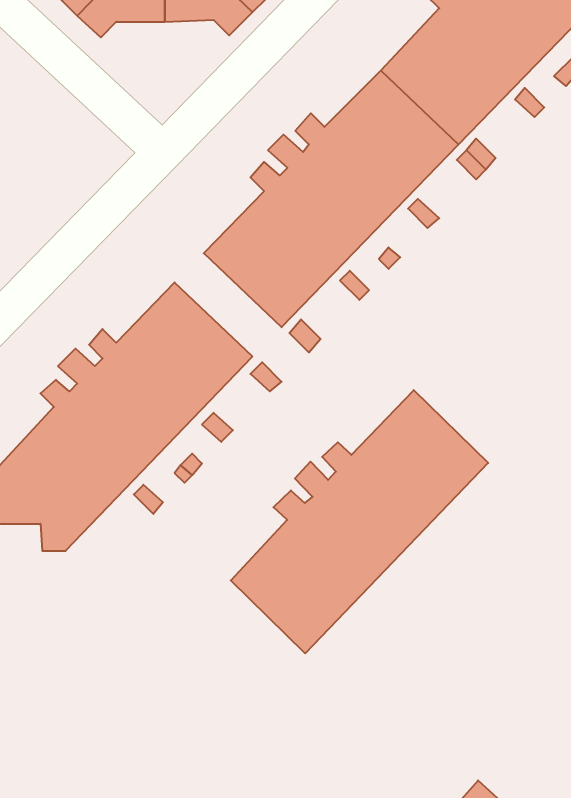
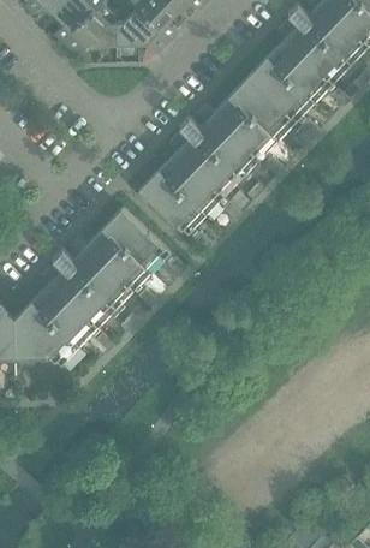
building: [231,390,488,653] -> none

